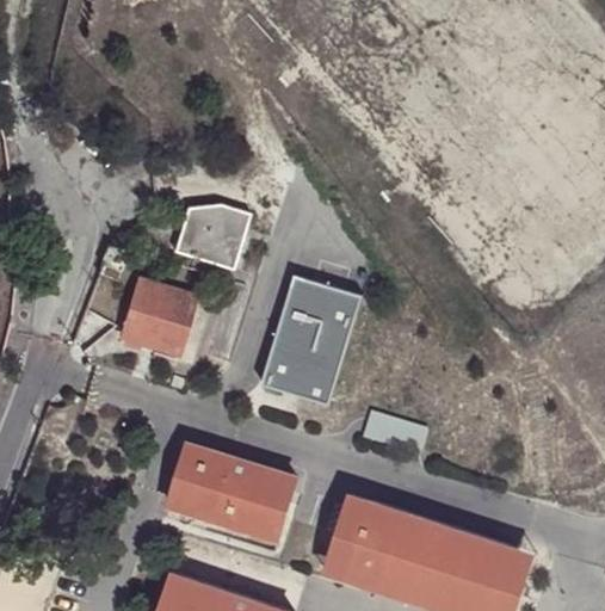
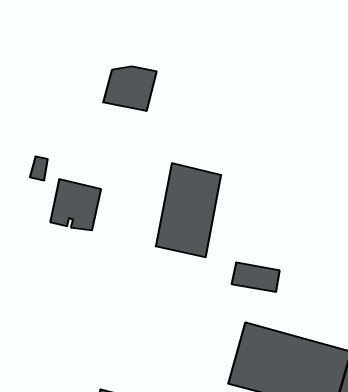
building: [173,209,249,271] -> [103,67,157,111]
building: [168,448,295,539] -> none
building: [321,490,374,579] -> none

